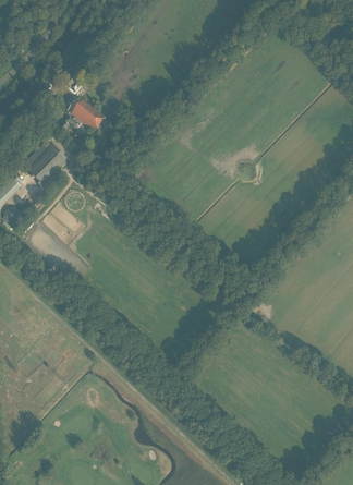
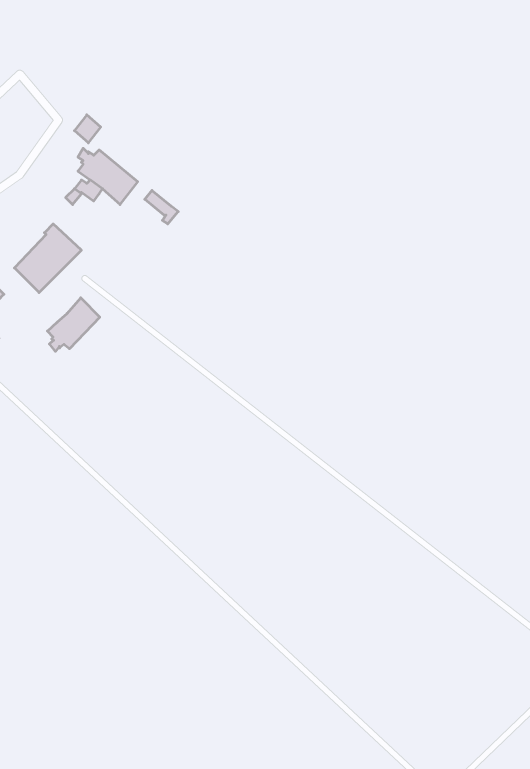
building: none -> [47,298,100,351]

